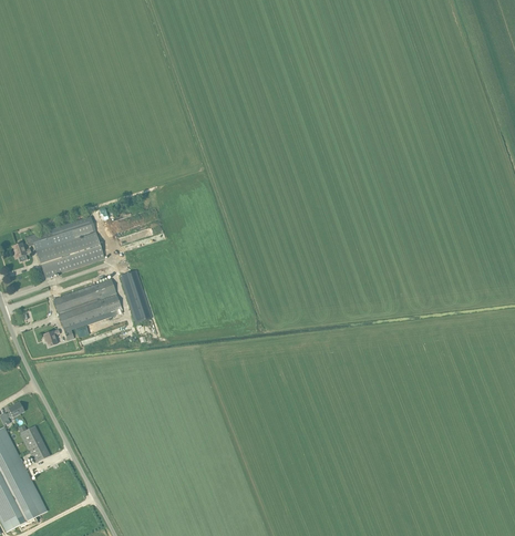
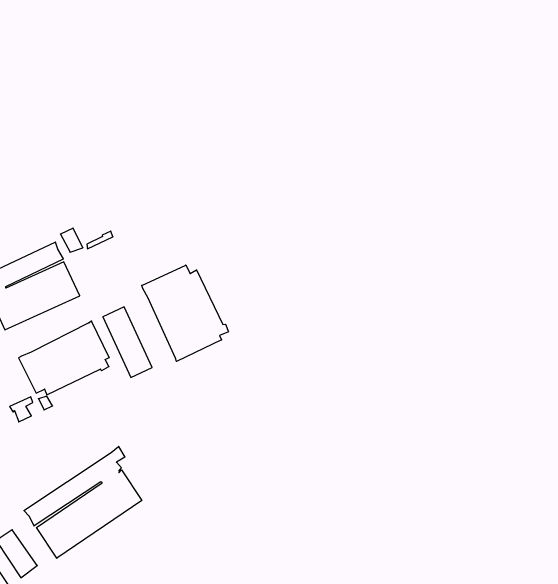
building: none -> [142,265,229,361]
building: none -> [24,446,142,558]

